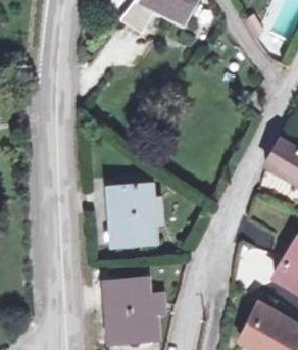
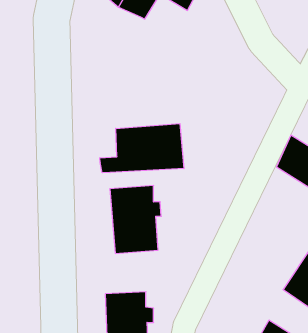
building: none -> [100,124,184,173]

